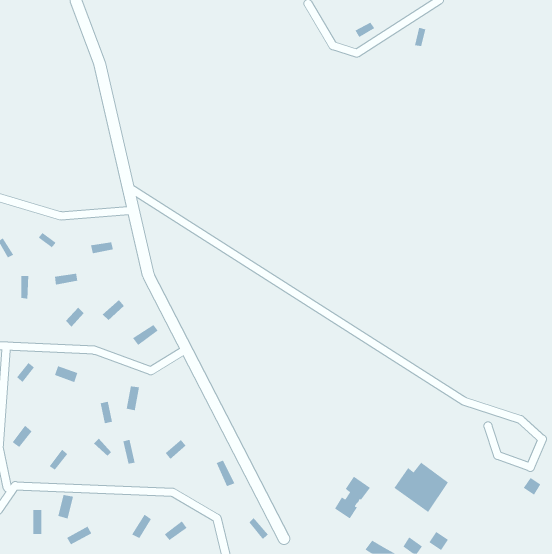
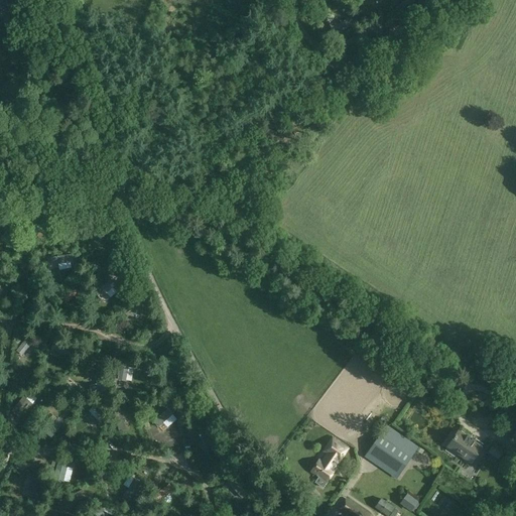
building: none -> [445,431,482,464]

